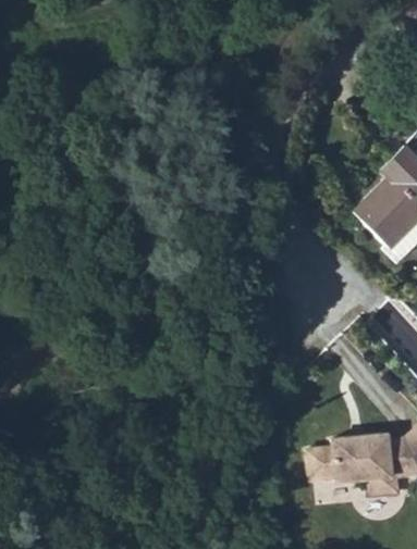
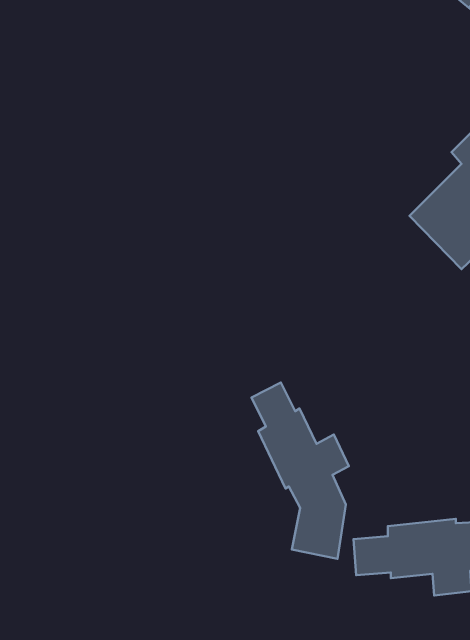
building: none -> [251,382,349,559]

